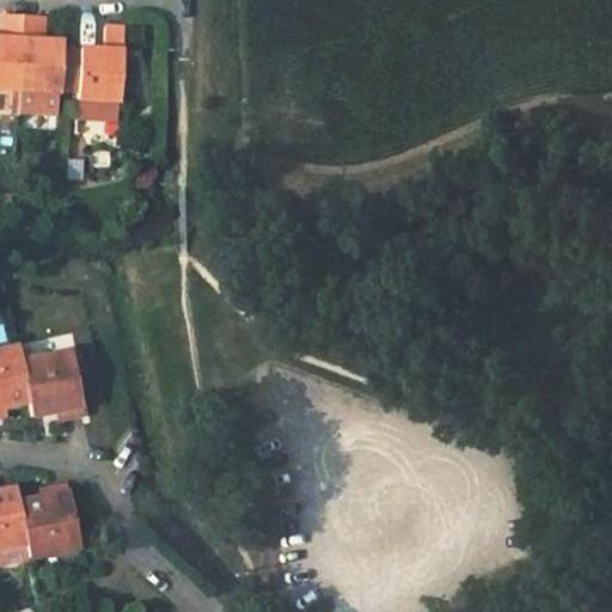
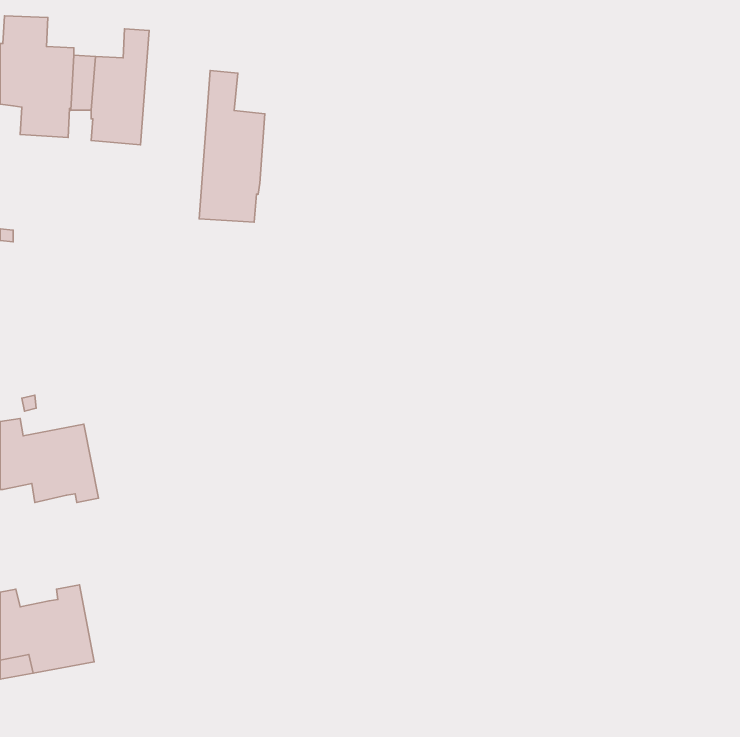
building: none -> [199,71,265,222]

